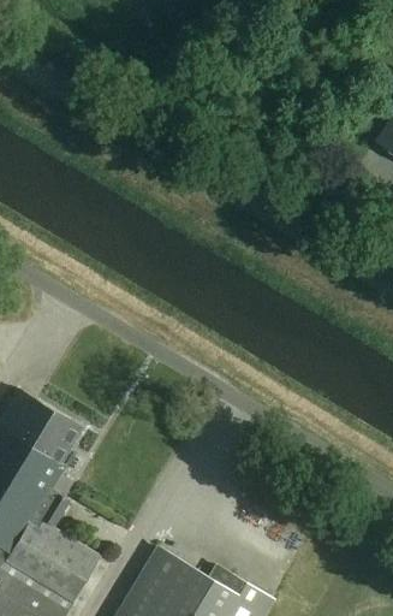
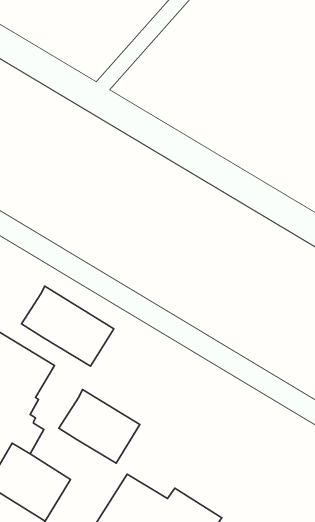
building: none -> [22,286,114,366]
building: none -> [59,390,140,463]

